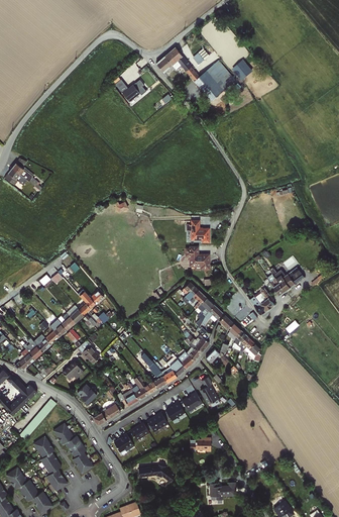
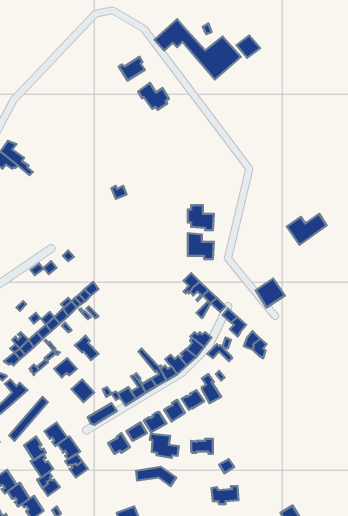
building: none -> [138,83,169,110]
building: [269,266,307,295] -> [287,214,327,245]
building: none -> [150,434,179,458]

